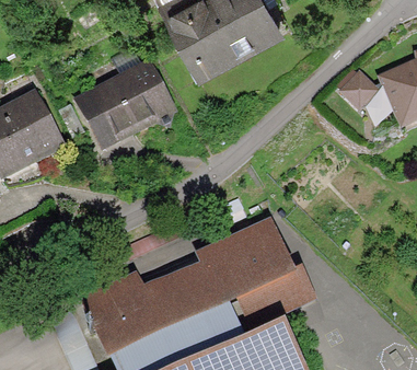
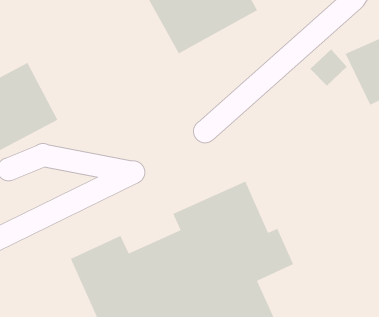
building: [70,46,176,158] -> none

